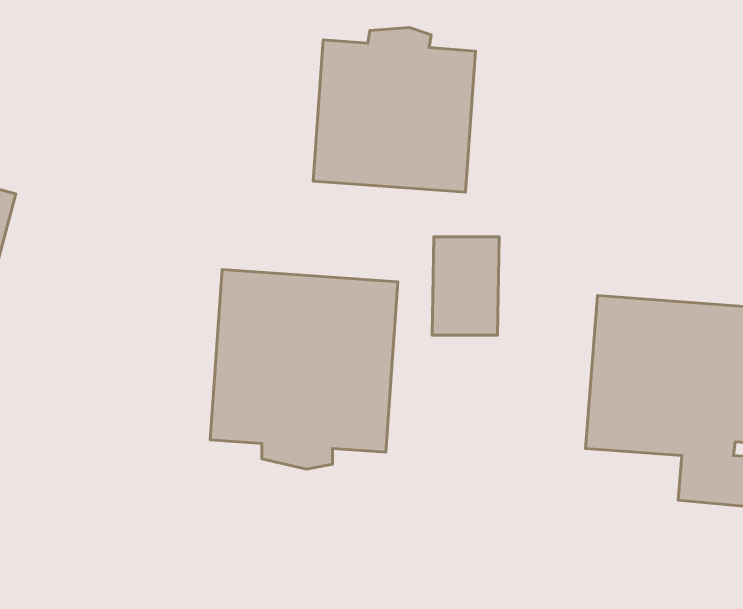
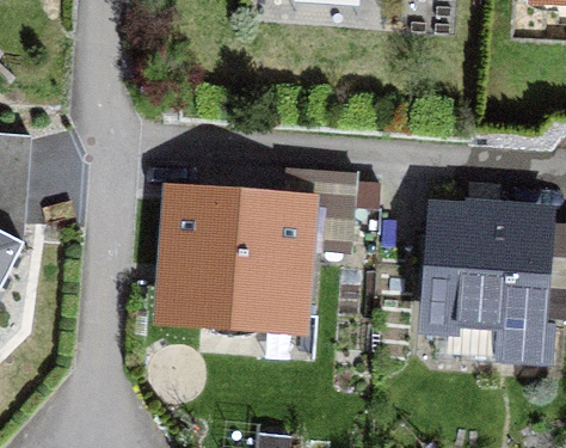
building: [313,27,476,192] -> none

